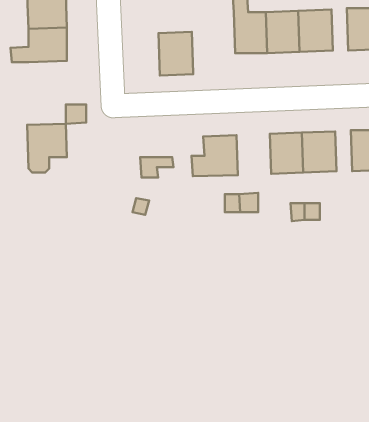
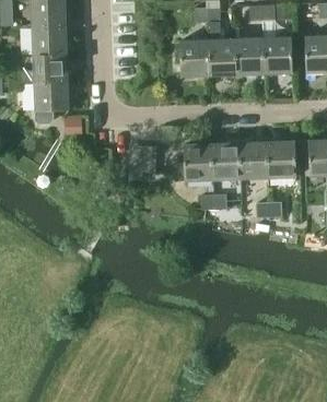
building: [158,32,193,75] -> [179,40,209,78]
building: [27,124,67,172] -> [33,82,67,123]
building: none -> [210,144,240,179]

